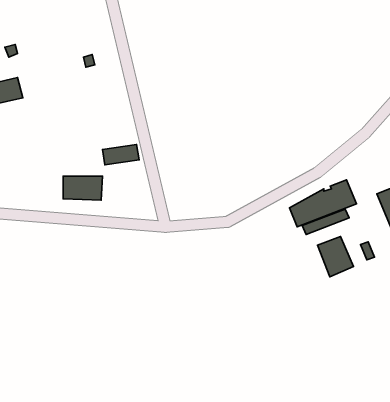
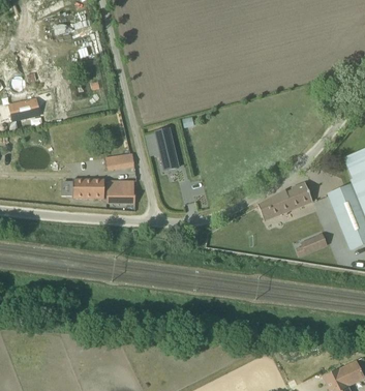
building: none -> [154,127,178,169]
building: none -> [105,179,134,203]
building: [318,237,354,277] -> none

